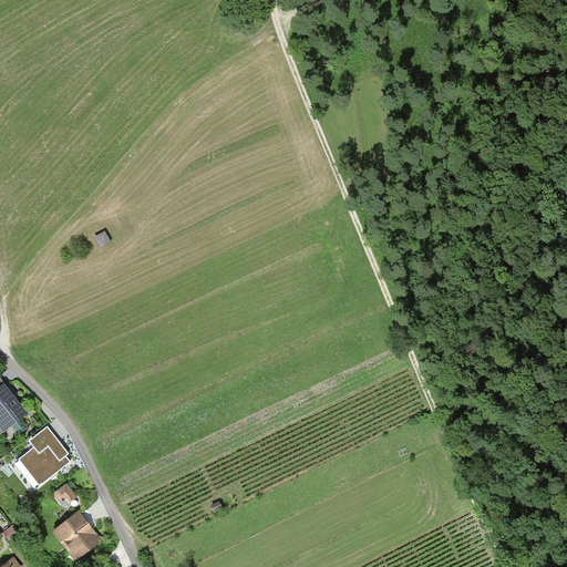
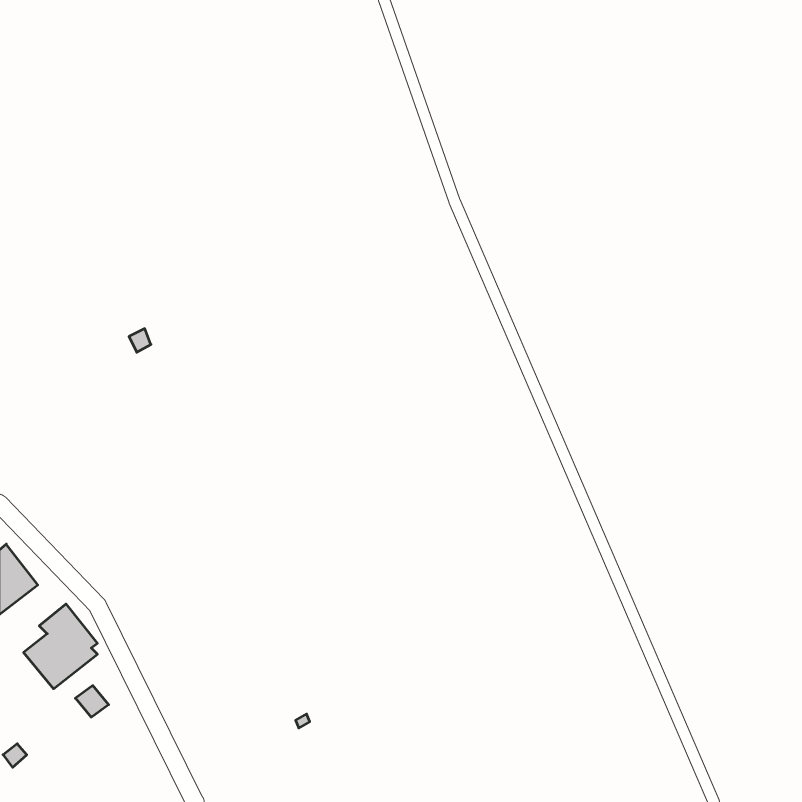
building: [52,511,100,559] -> none

